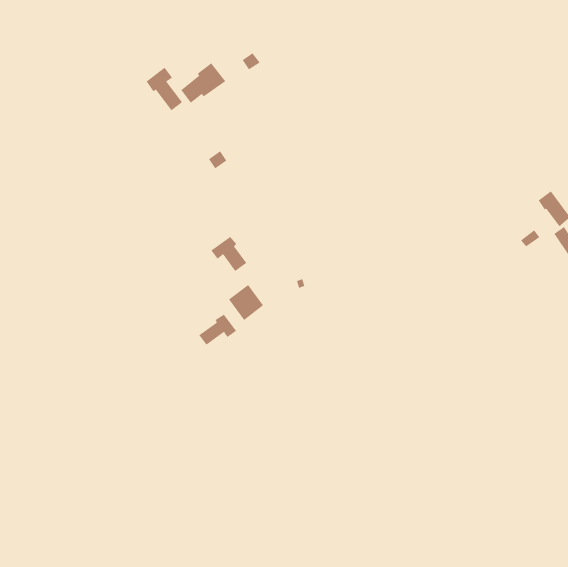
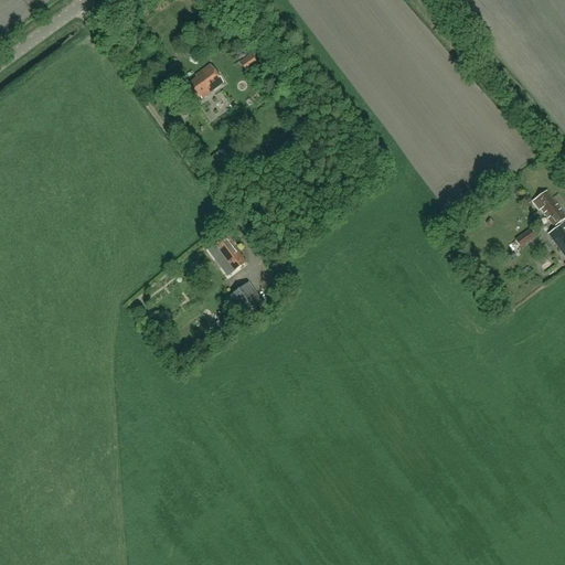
building: [146,67,183,111] -> none
building: [199,314,237,345] -> none

